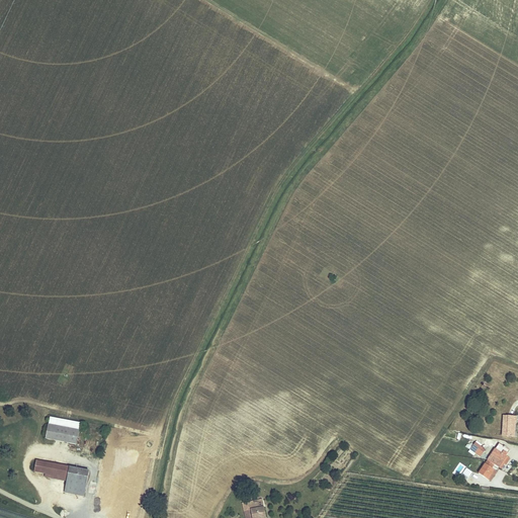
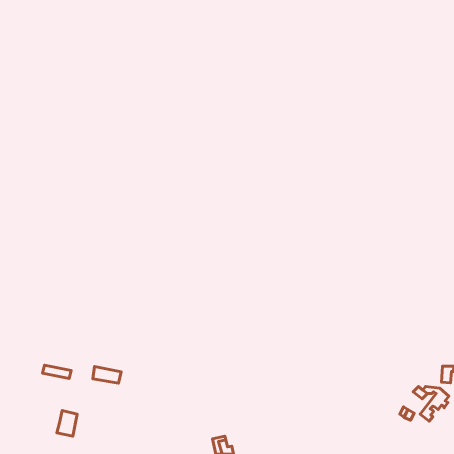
building: [47,425,79,444] -> [93,366,121,383]
building: [34,461,71,482] -> none

